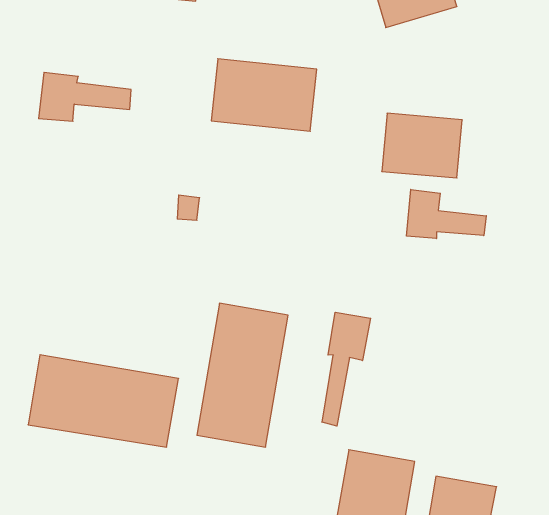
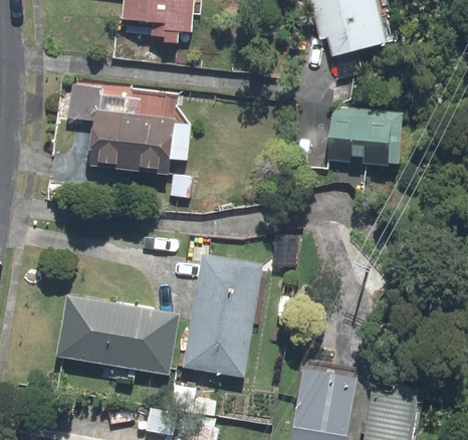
building: [211,59,317,131] -> [92,115,173,170]
building: [407,189,486,239] -> none
building: [322,312,371,426] -> none

